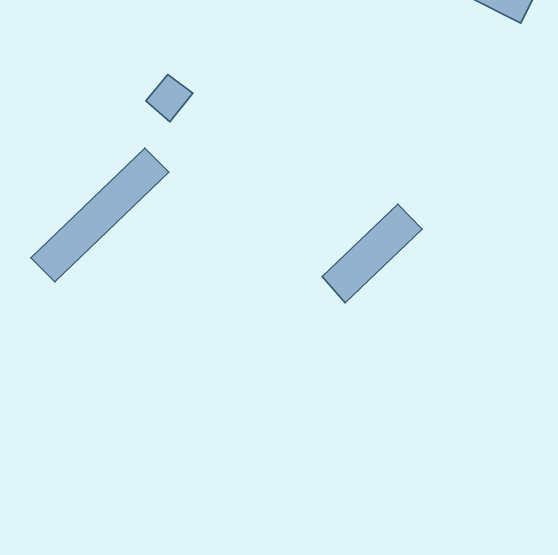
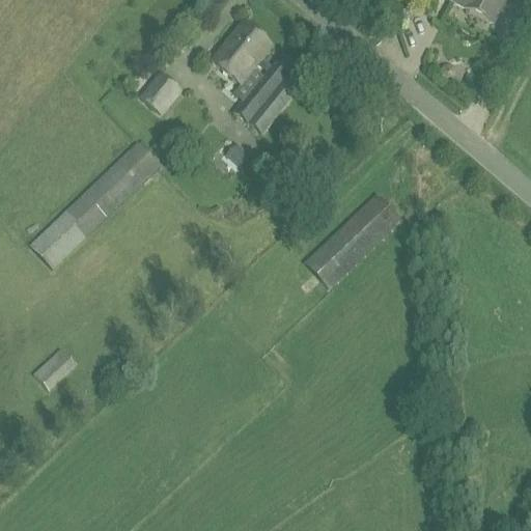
building: none -> [214,20,298,132]
building: none -> [35,346,80,390]

